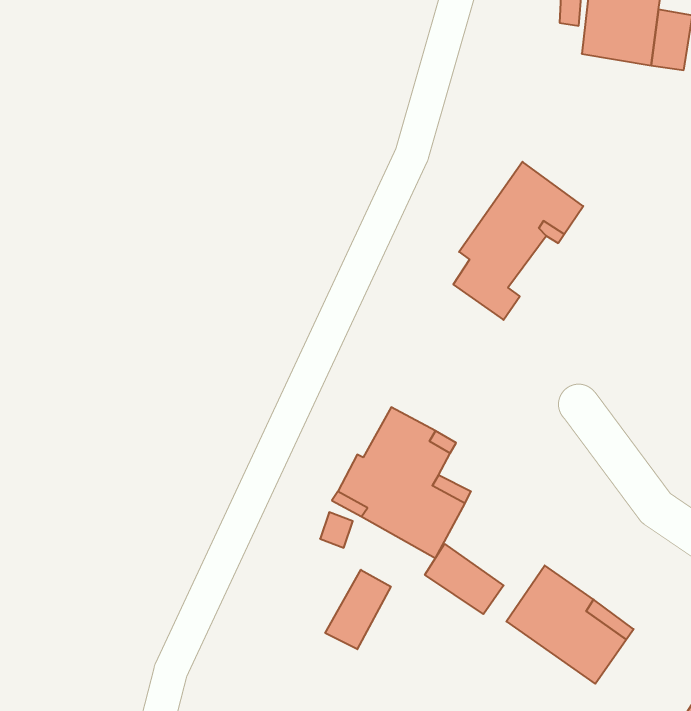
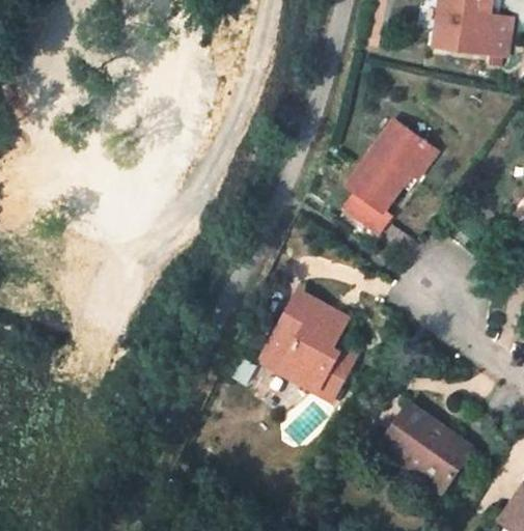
building: [425,544,504,614] -> none
building: [325,570,391,649] -> none

